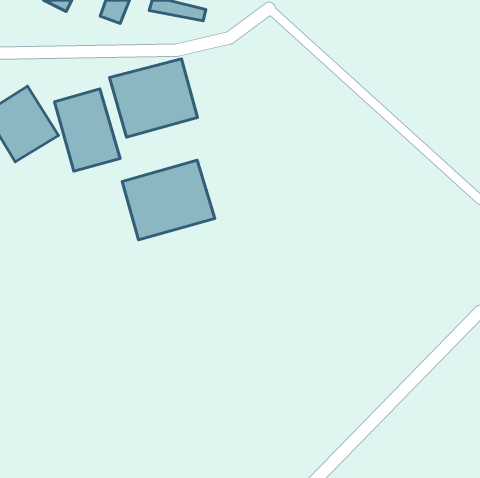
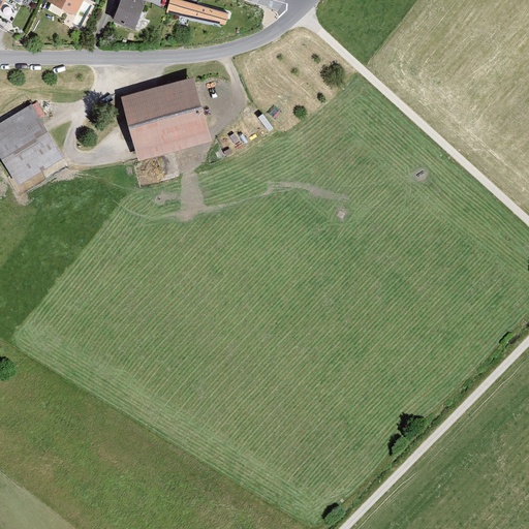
building: [54,89,120,171] -> none
building: [122,160,215,240] -> none

